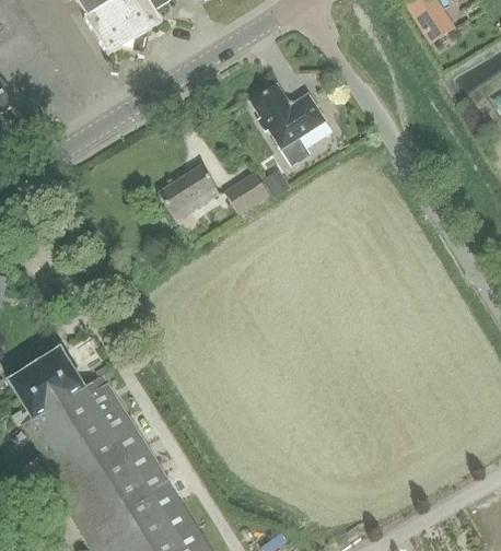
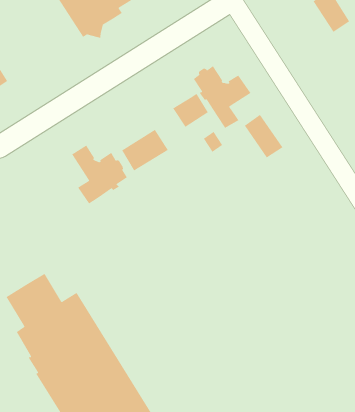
building: none -> [244,114,283,159]
building: [225,173,272,218] -> [172,93,209,128]
building: none -> [71,145,128,205]

